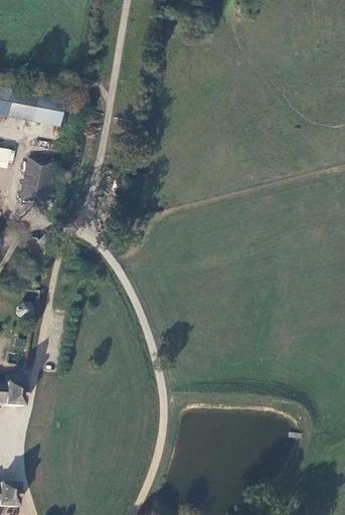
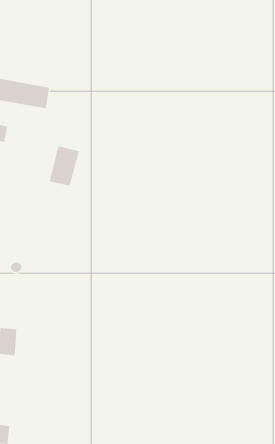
building: [17,160,52,206] -> [49,146,80,186]

